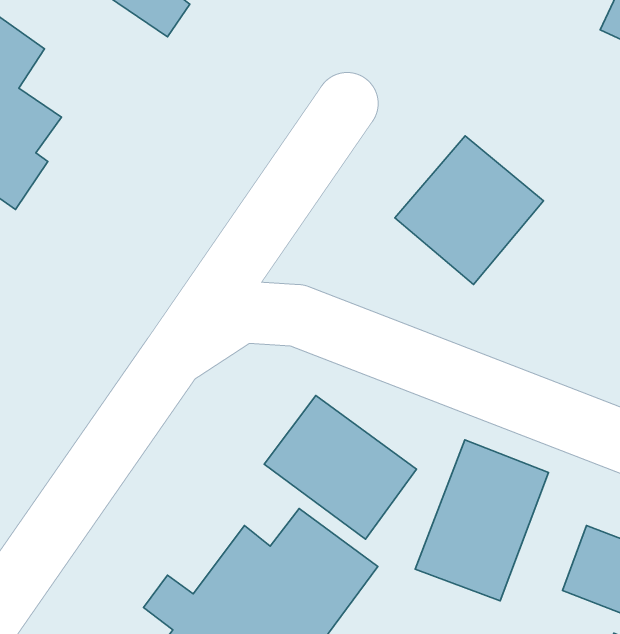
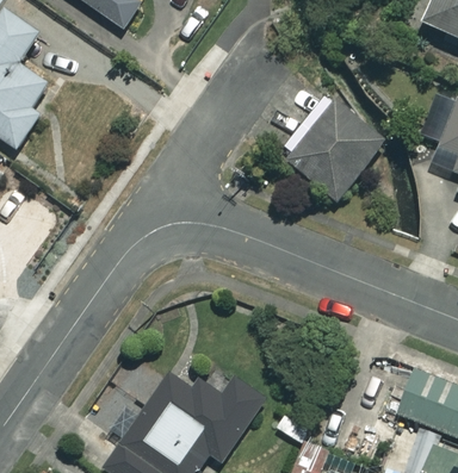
building: [264,396,416,539] -> none
building: [415,440,548,601] -> none

